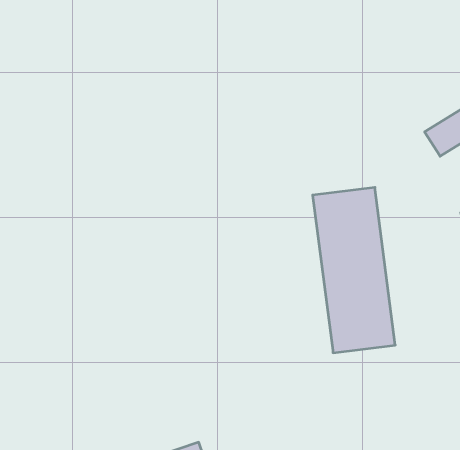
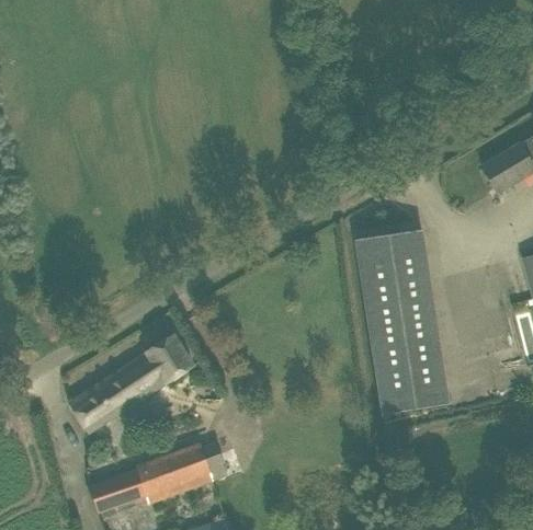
building: none -> [69,334,192,433]
building: none -> [89,446,213,512]

